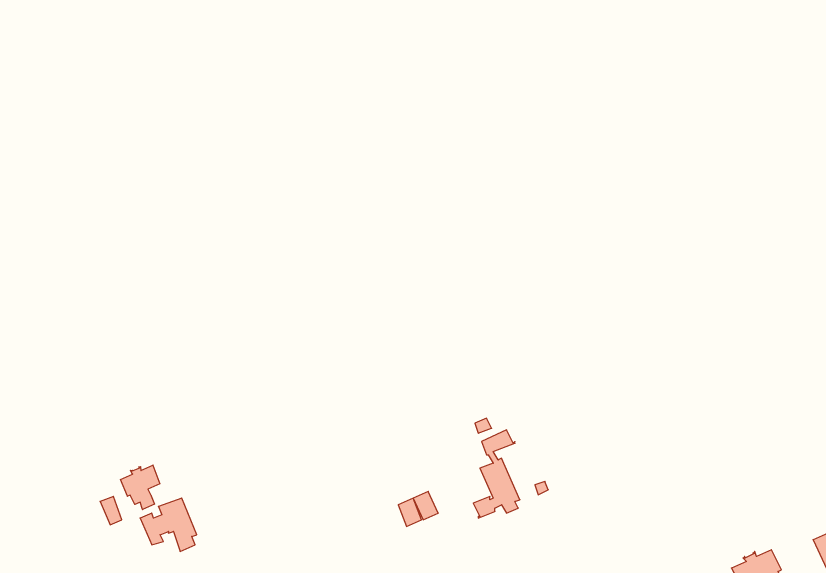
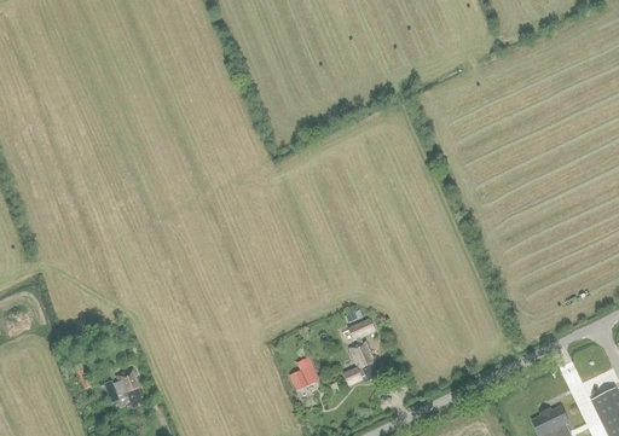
building: [121,465,160,510] -> none

